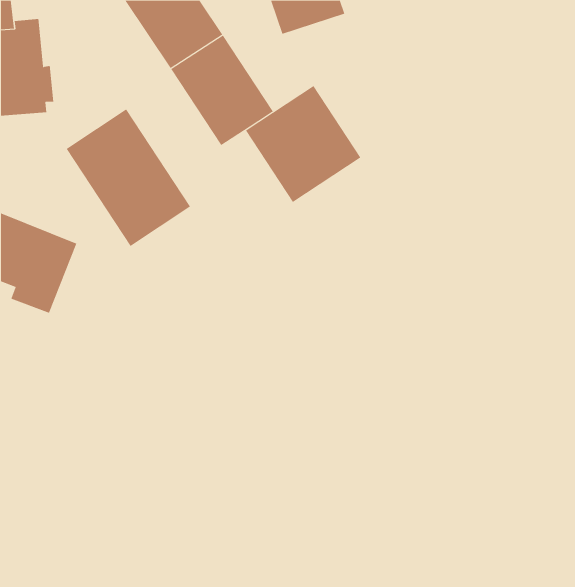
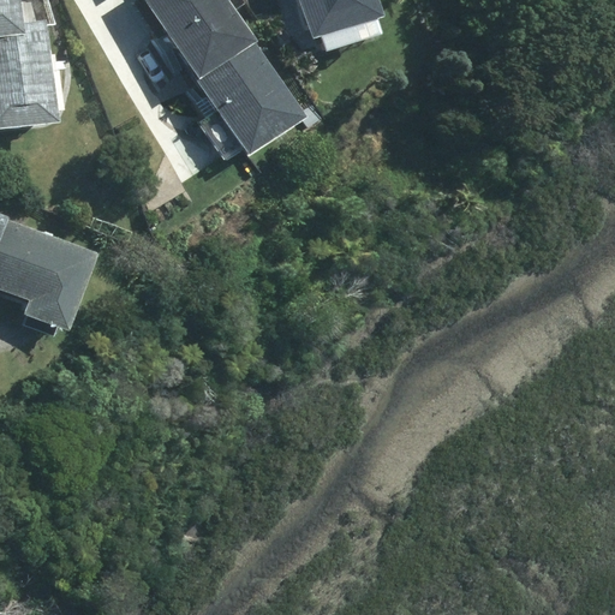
building: [245,85,361,203] -> none
building: [66,108,191,247] -> none

